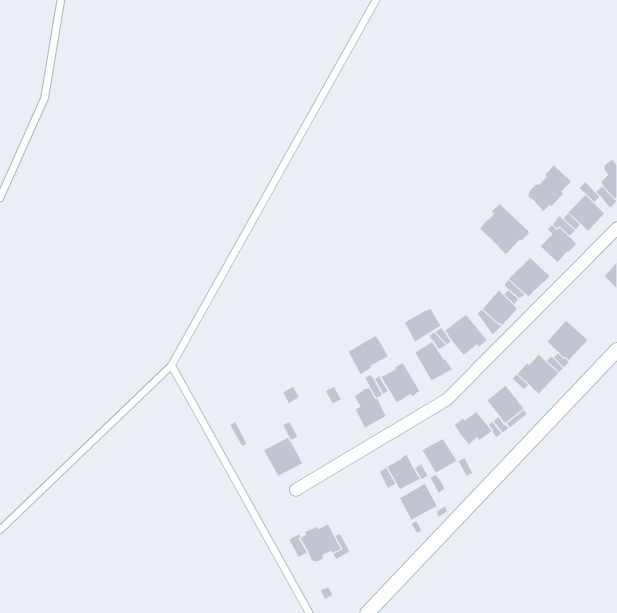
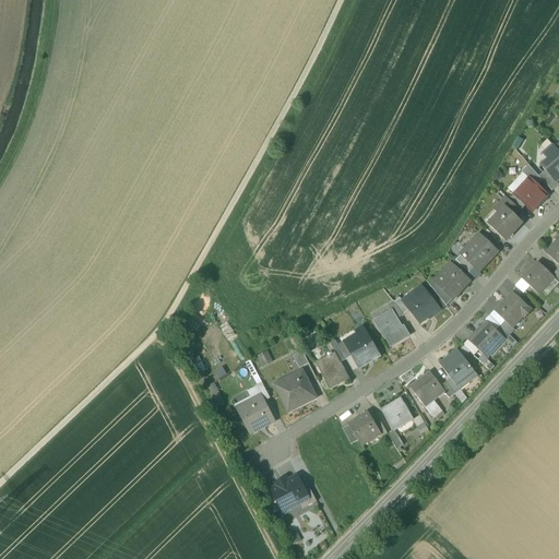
building: [527,165,572,212] -> none
building: [479,203,530,255] -> none
building: none -> [522,260,554,293]
building: [404,308,441,342] -> none
building: [348,335,388,375] -> none
building: none -> [278,368,317,409]
building: [399,483,443,521] -> none

